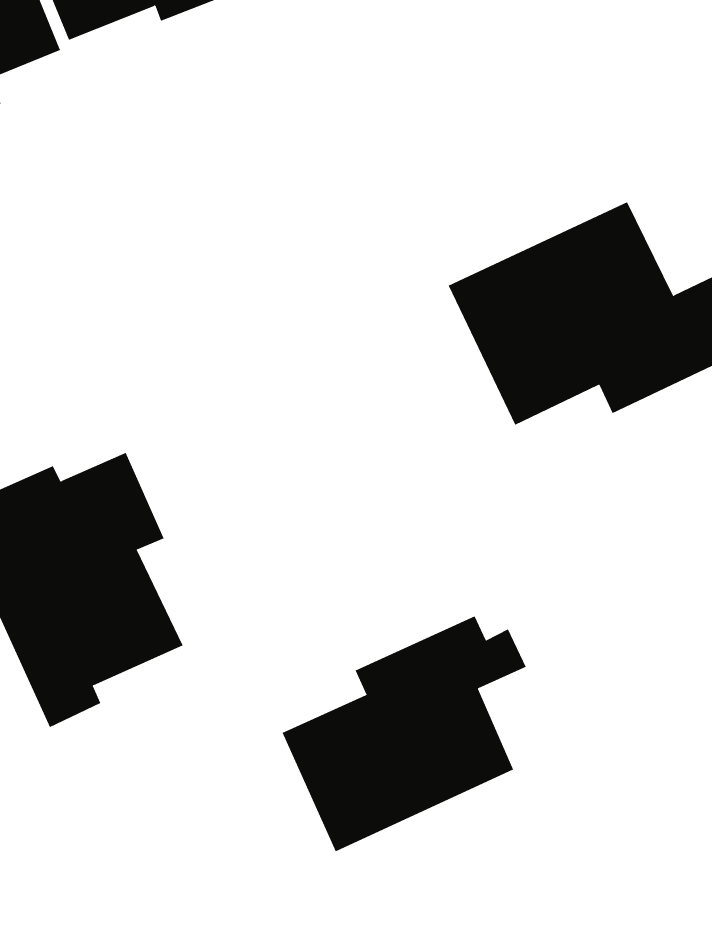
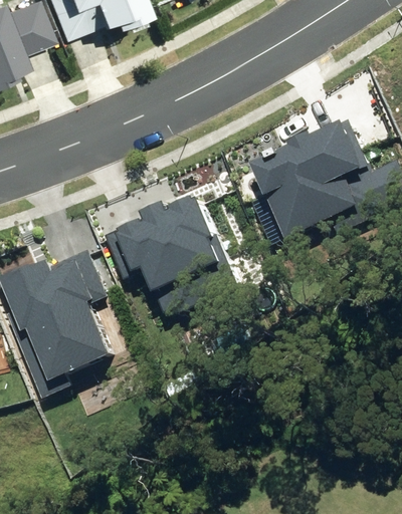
building: none -> [102,193,226,311]
building: [282,615,526,852] -> none

